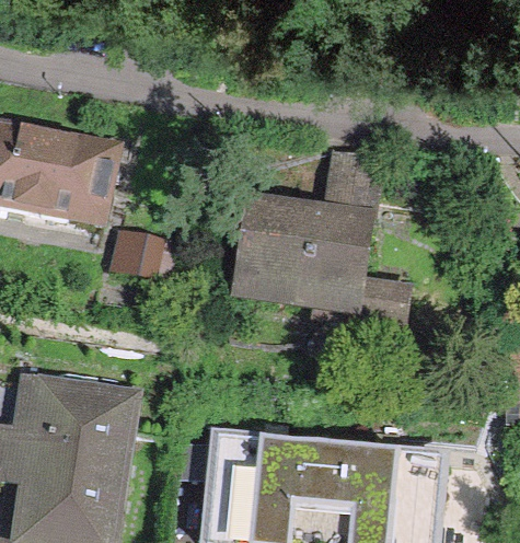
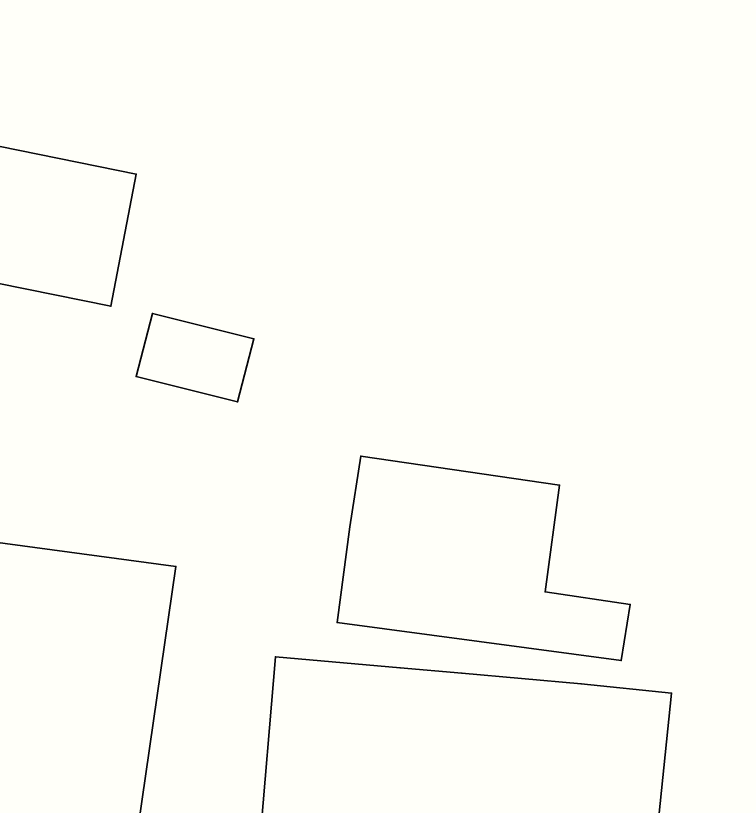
building: [238,196,415,320] -> [337,456,630,661]

